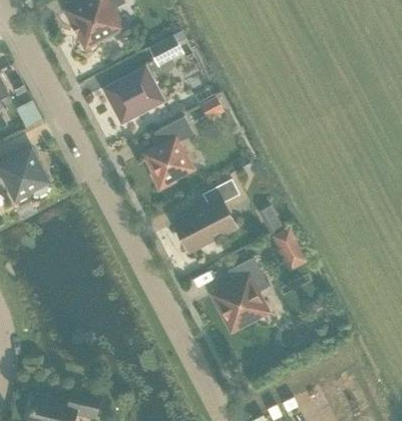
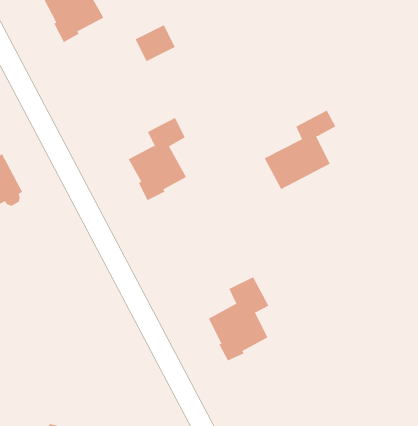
building: [106,69,161,121] -> none
building: [175,179,240,251] -> [264,110,336,190]
building: [272,227,308,271] -> none

